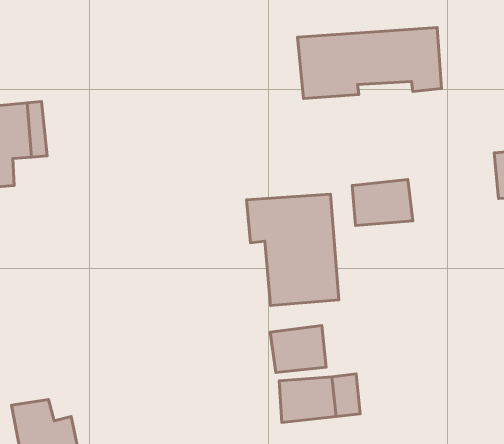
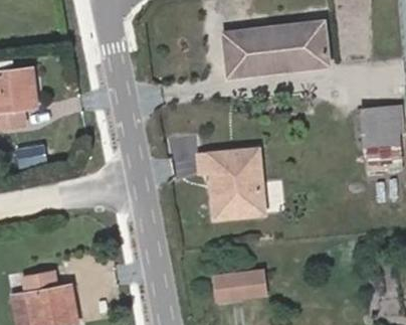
building: [352,180,413,226] -> none
building: [270,326,326,372] -> none

